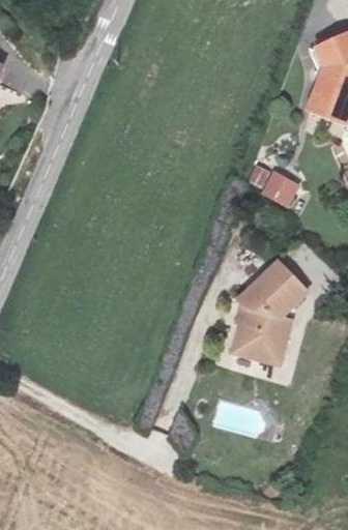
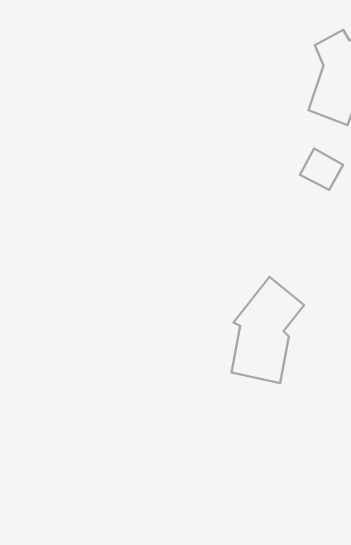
building: [264,167,306,206] -> [300,149,343,190]

